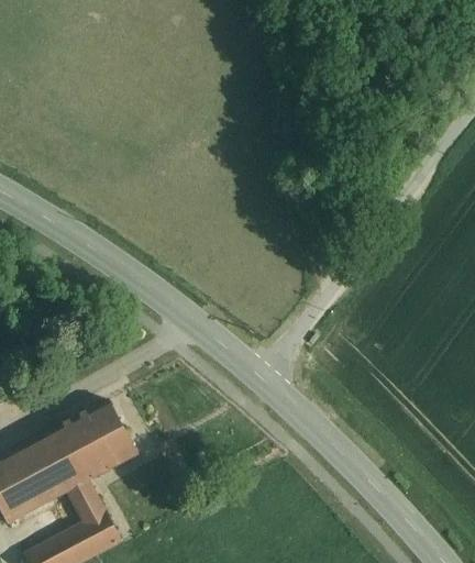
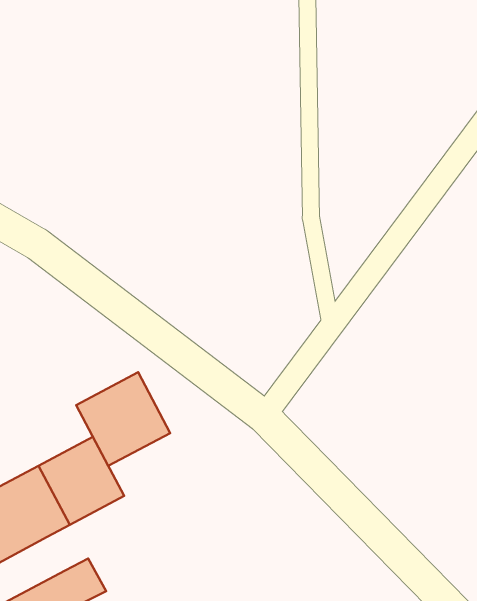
building: none -> [76,372,170,466]
building: [67,481,104,522] -> none

